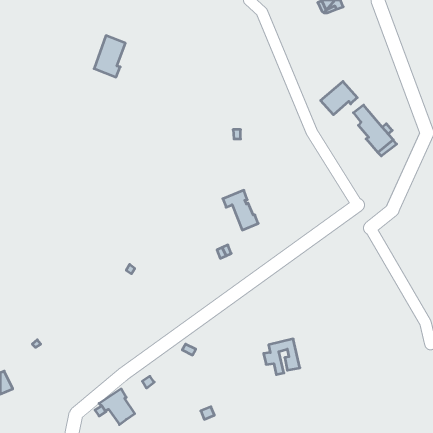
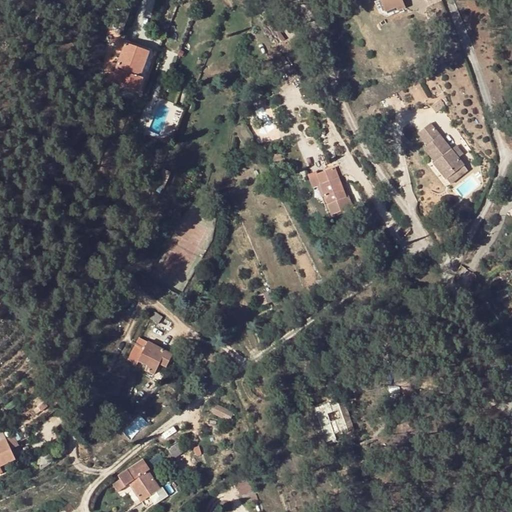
building: [321,81,357,115] -> none
building: [223,190,258,230] -> [309,166,351,213]
building: none -> [127,338,171,374]

